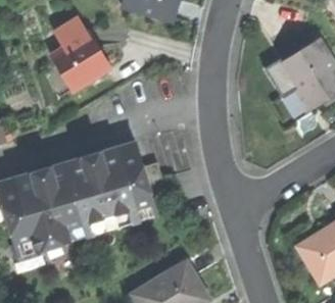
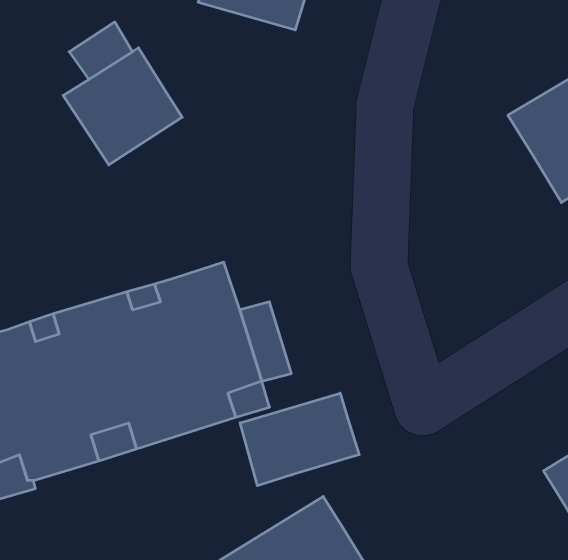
building: none -> [240,393,359,486]

